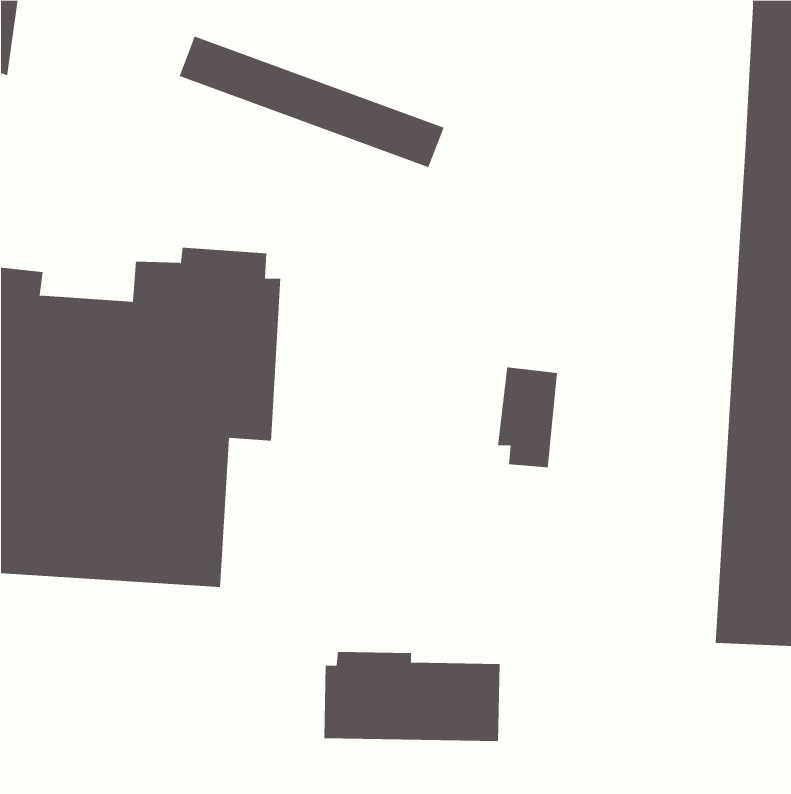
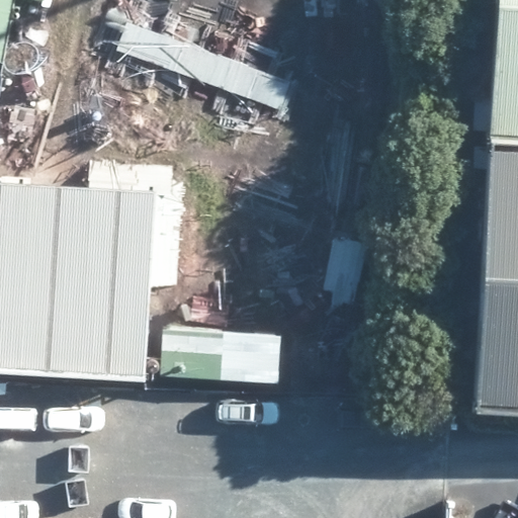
building: [323,651,500,741] -> [160,323,275,381]

